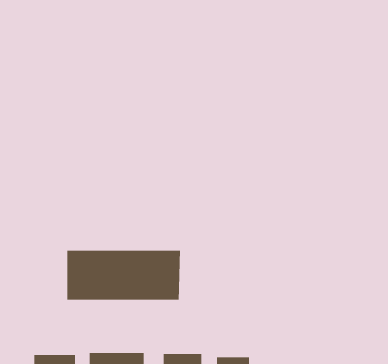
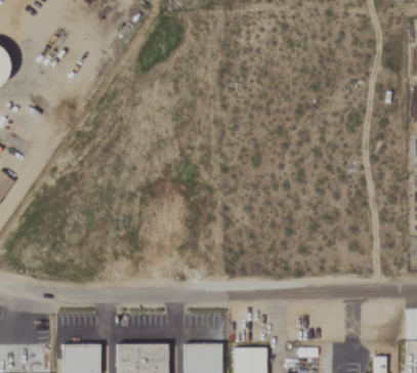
building: [67,250,181,300] -> none

